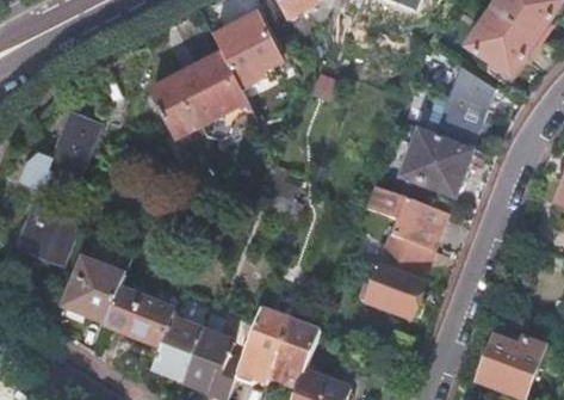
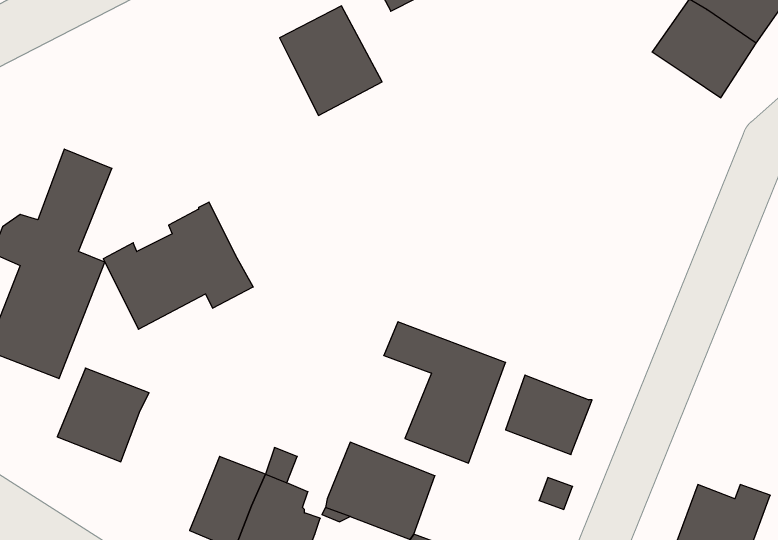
building: [150,53,252,139] -> [103,202,253,329]
building: [435,66,495,147] -> none
building: [402,133,471,197] -> none
building: [365,185,447,281] -> [384,322,506,463]
building: [105,288,176,349] -> none

